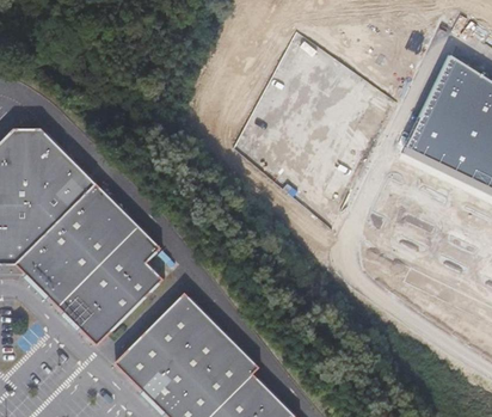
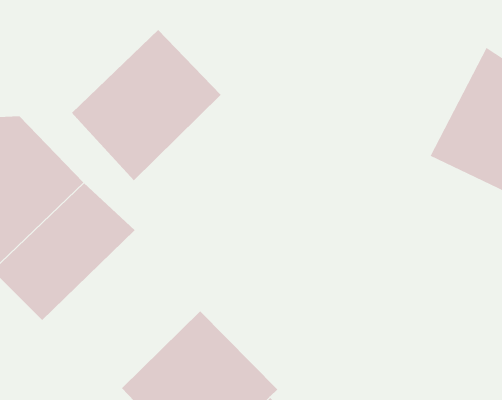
building: none -> [71,29,221,181]
building: [53,223,159,342] -> none

